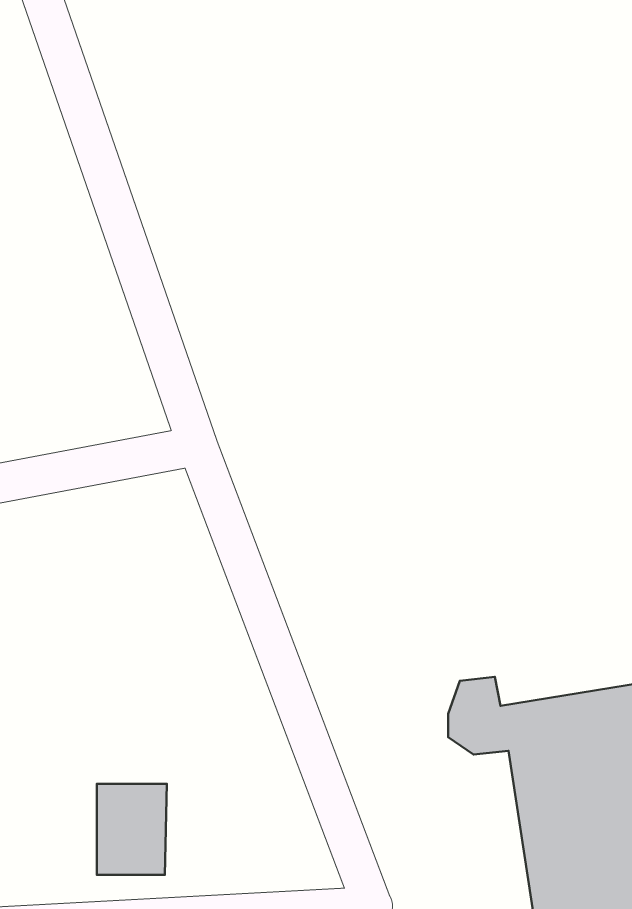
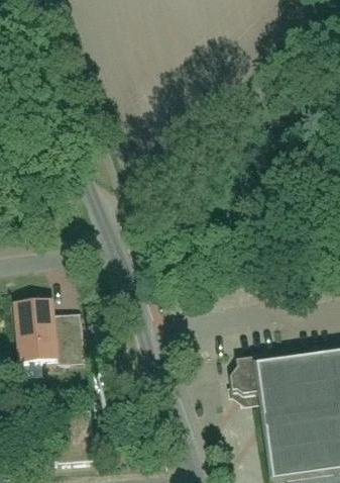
building: none -> [9,297,73,363]

